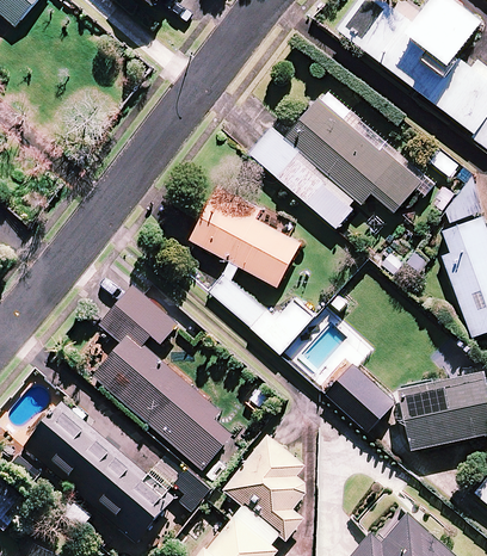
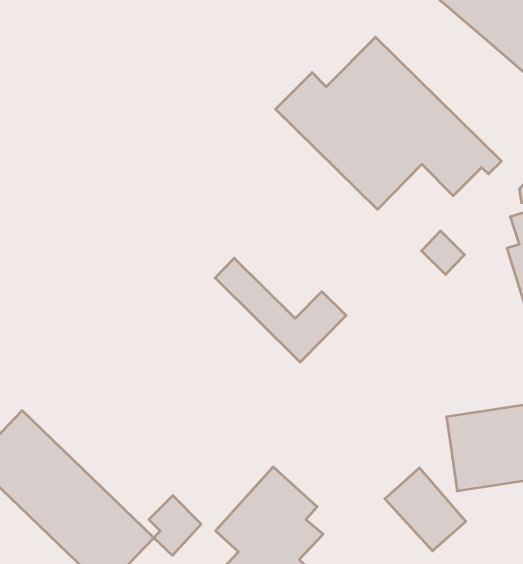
building: [191,192,300,286] -> none
building: [97,285,228,471] -> none
building: [327,365,393,431] -> [385,468,466,551]

